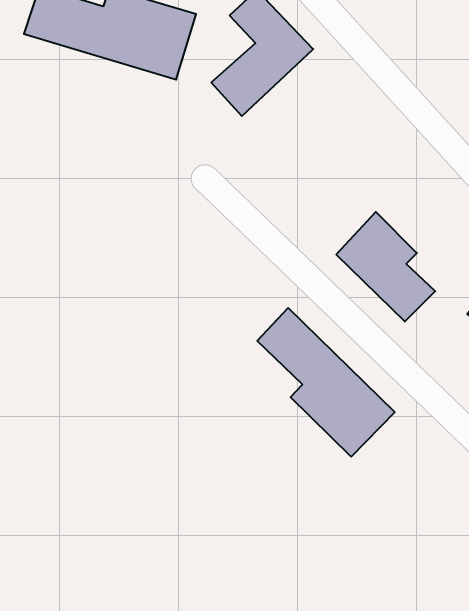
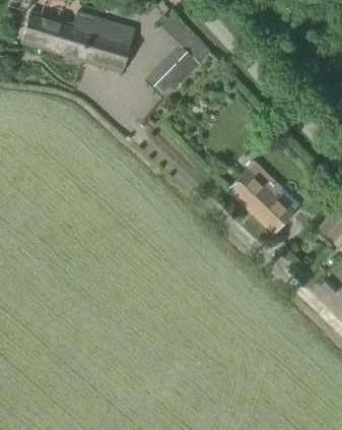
building: [257,308,395,457] -> none

